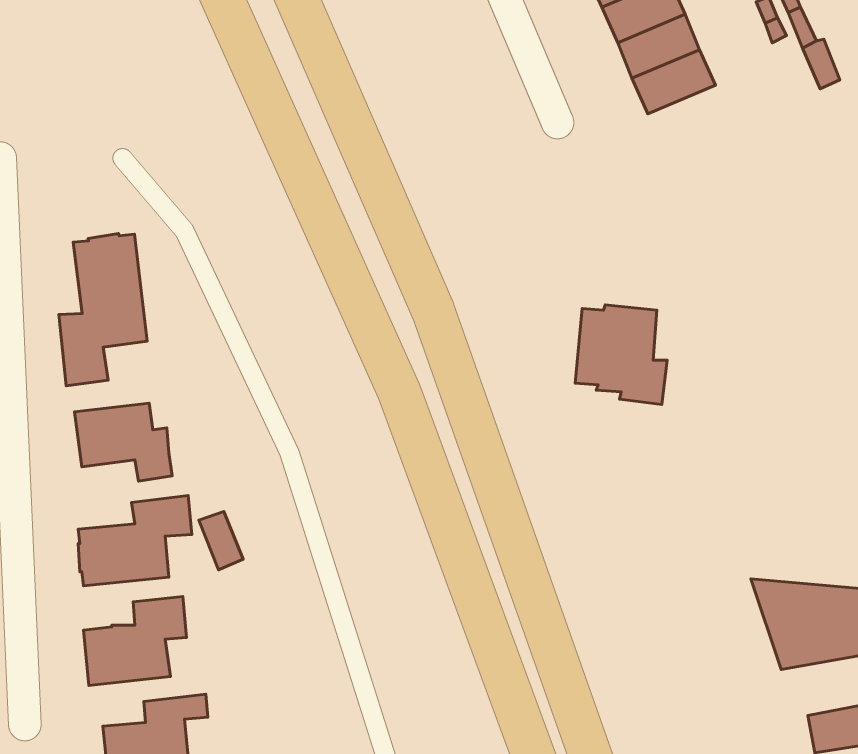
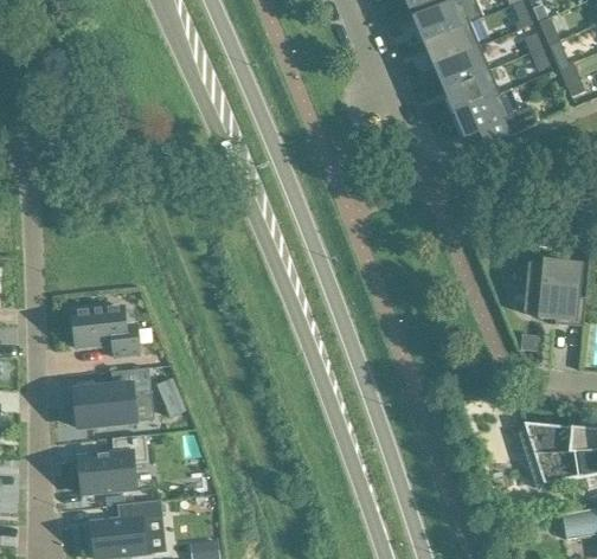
building: none -> [454,94,535,143]
building: [59,234,147,386] -> none
building: [575,305,667,404] -> [524,261,585,327]

